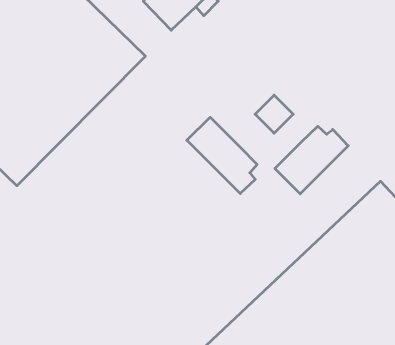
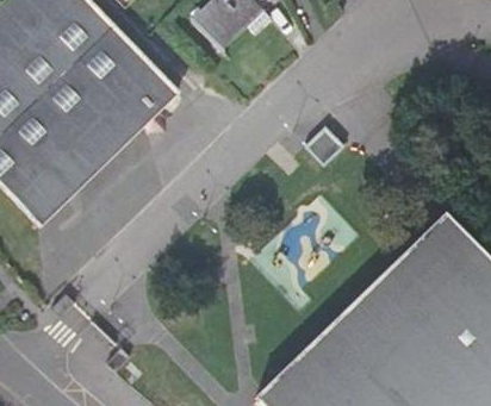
building: [187,117,257,194] -> none
building: [275,126,348,194] -> none

